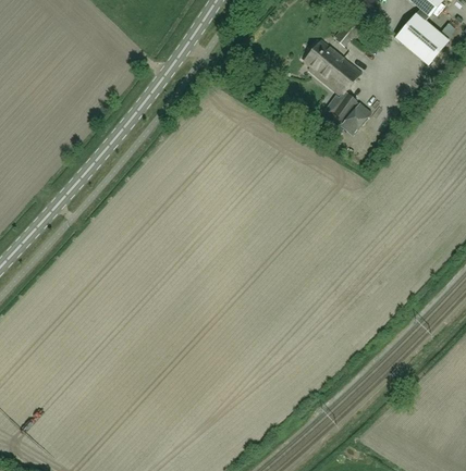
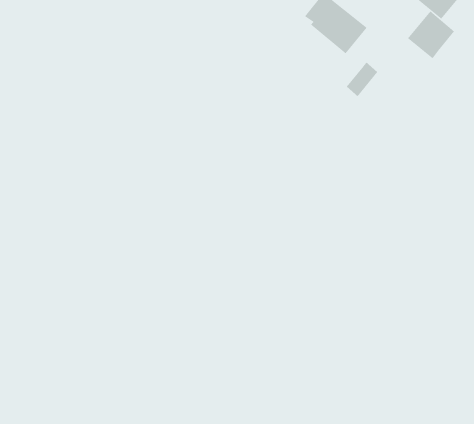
building: none -> [407,11,455,59]
building: [322,91,356,128] -> none

